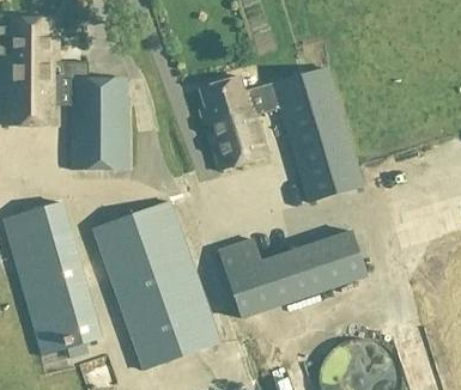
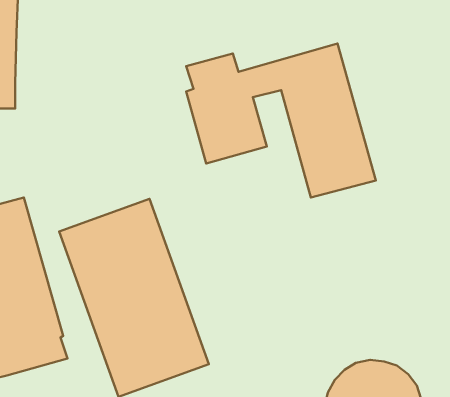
building: [56,60,129,169] -> none
building: [220,228,368,316] -> none

